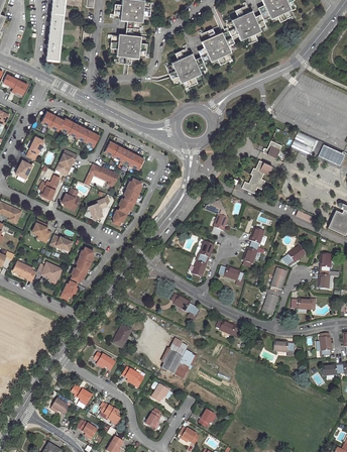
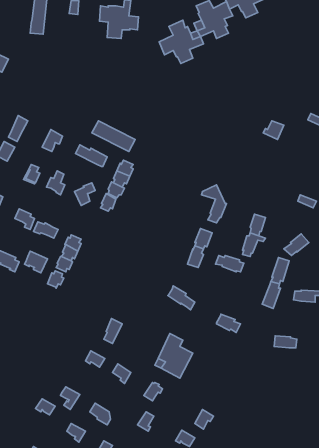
building: [39,111,98,146] -> none
building: [241,160,271,194] -> none

